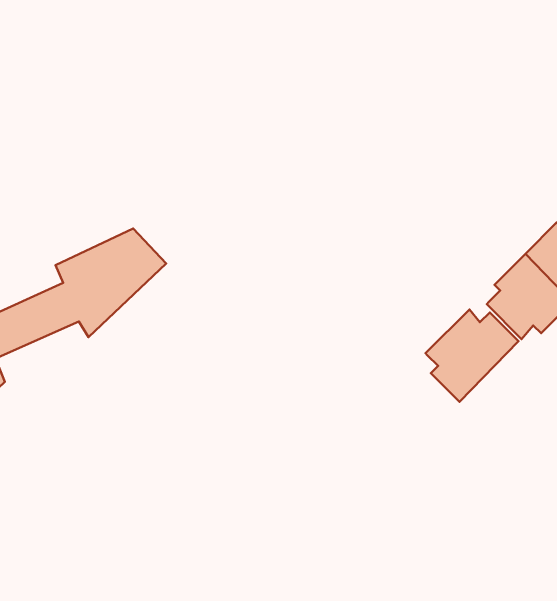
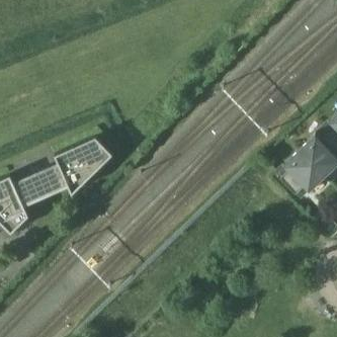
building: [426,309,518,402] -> none

